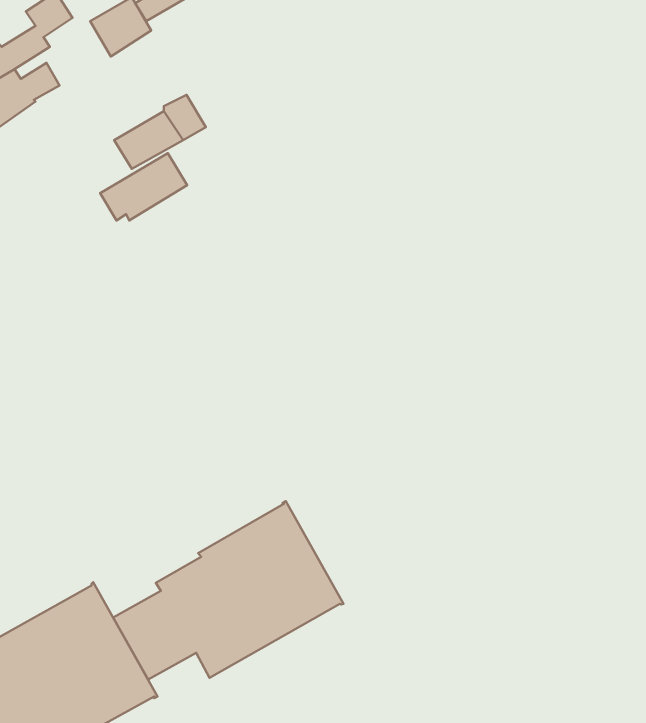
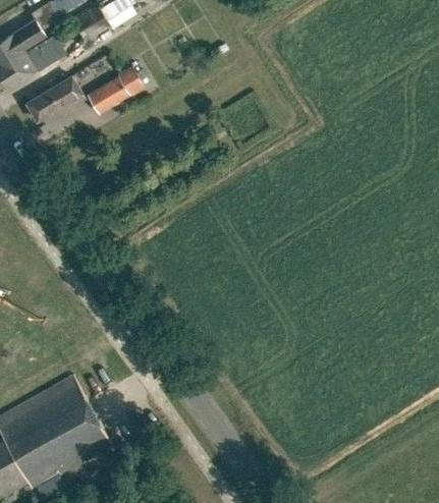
building: [100,153,187,221] -> [29,77,84,120]
building: [113,501,344,679] -> none

